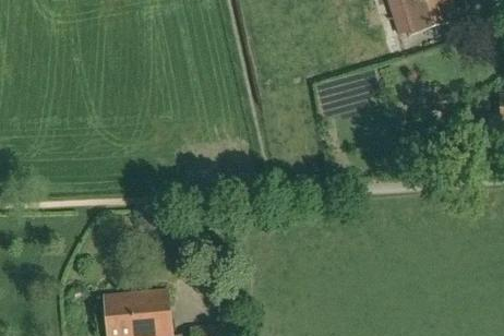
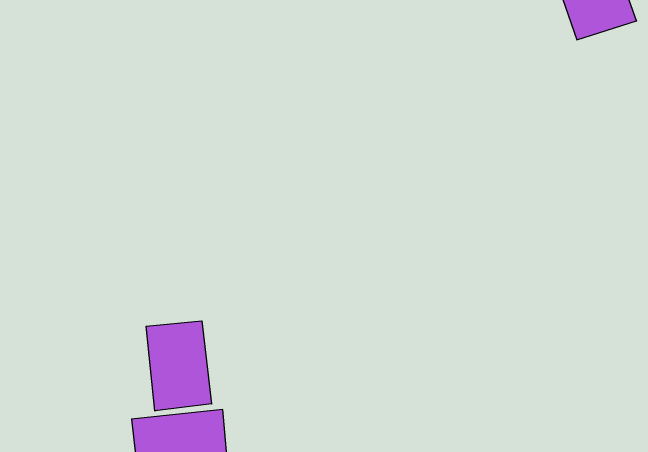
building: none -> [146,321,212,411]

